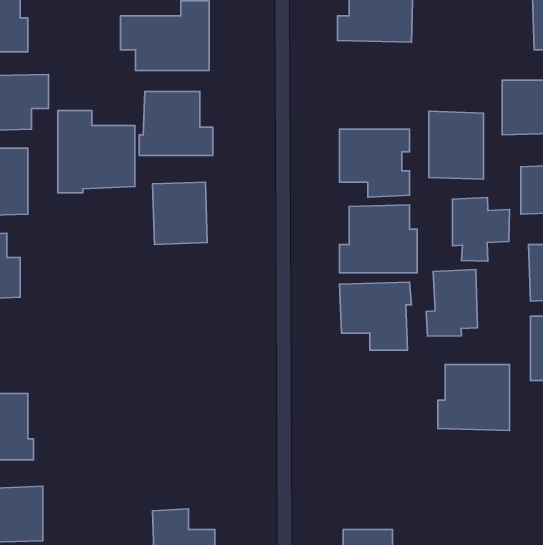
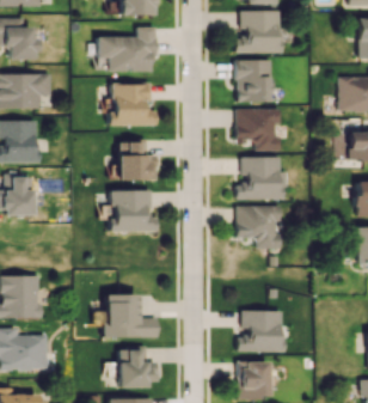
building: [58,111,135,193] -> none
building: [429,111,484,179] -> [237,60,271,103]
building: [453,197,509,261] -> none
building: none -> [110,190,158,232]
building: [426,269,477,336] -> none
building: [438,364,509,430] -> [238,311,283,353]
building: none -> [105,294,158,338]

